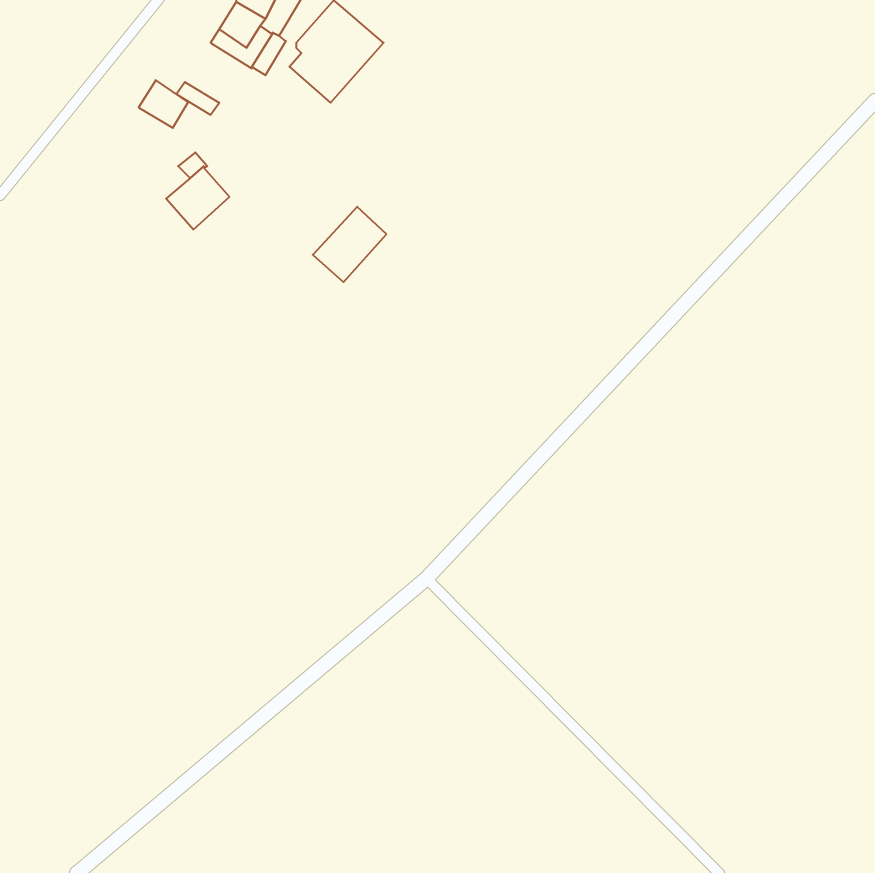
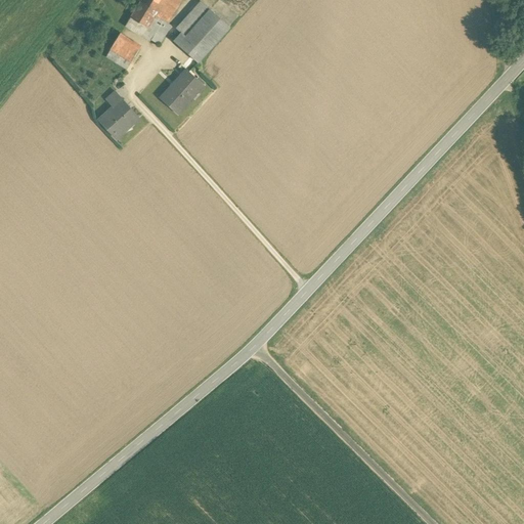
building: [139,80,188,128] -> [111,33,140,61]
building: [313,207,386,282] -> [160,69,204,114]

